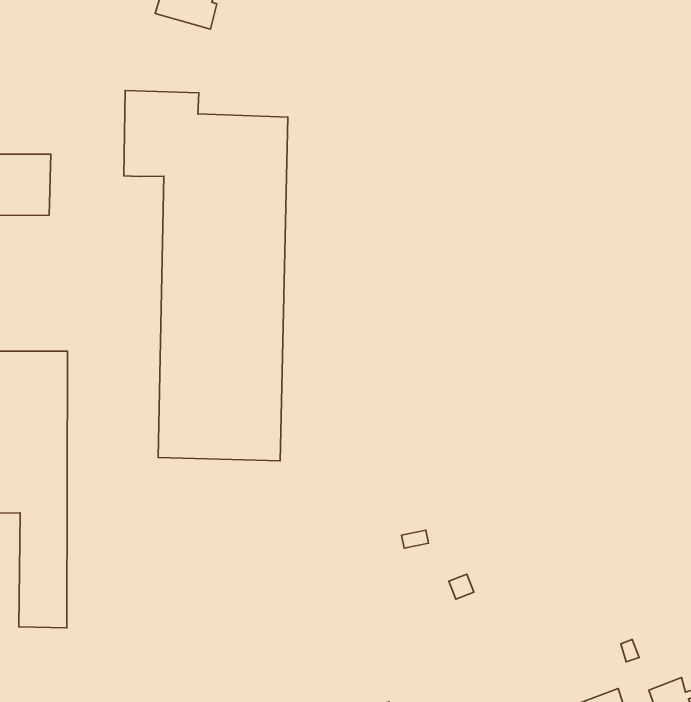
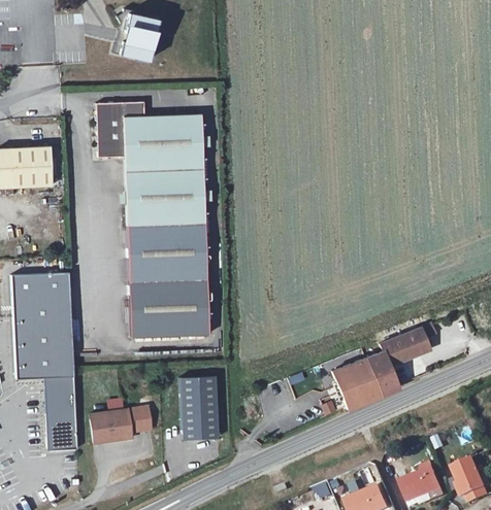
building: none -> [333,322,436,409]
building: none -> [181,375,220,439]
building: none -> [91,399,153,443]

